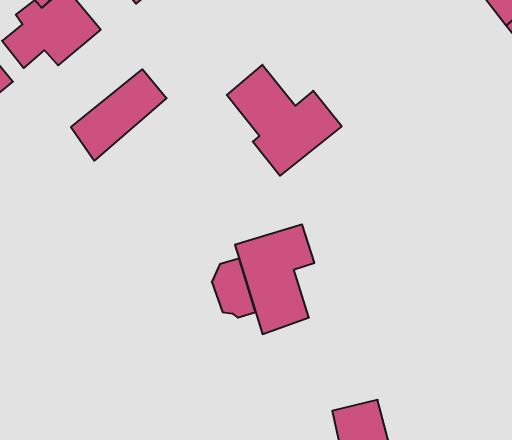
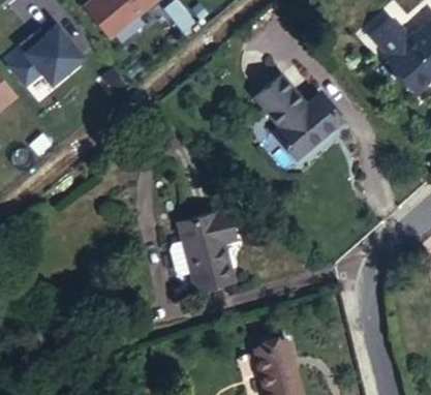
building: [227,65,342,176] -> [253,75,340,159]
building: [71,69,167,161] -> none

